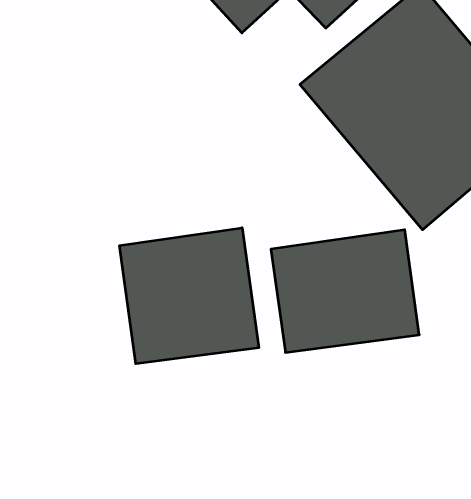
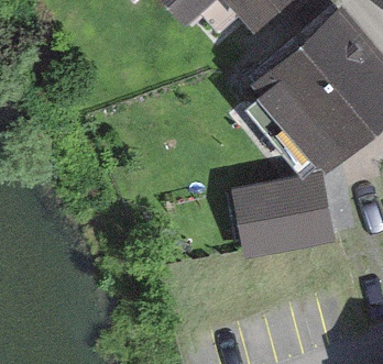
building: [120,228,259,364] -> none

